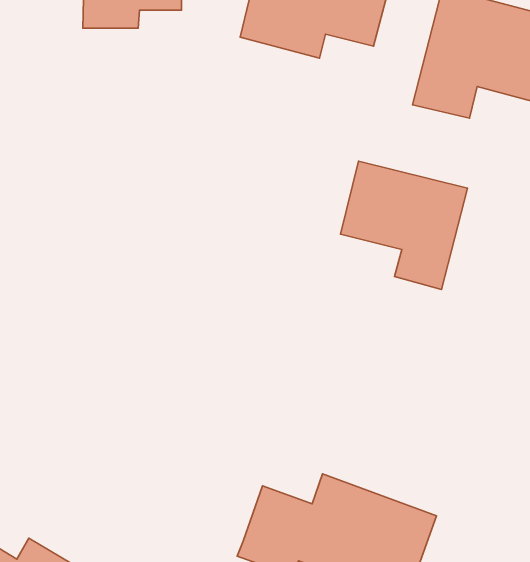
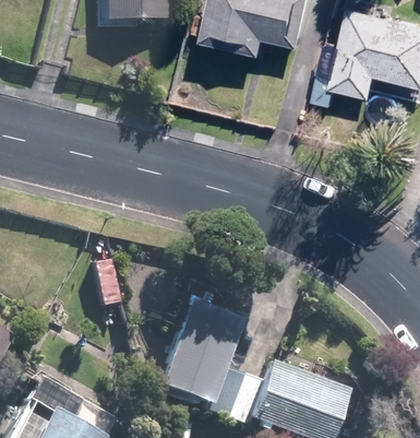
building: [340,161,467,289] -> none
building: none -> [158,286,245,405]

